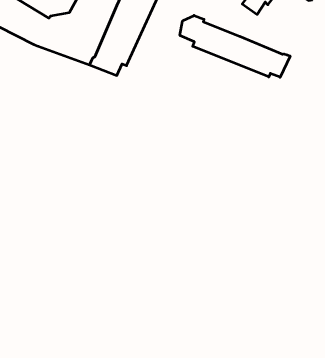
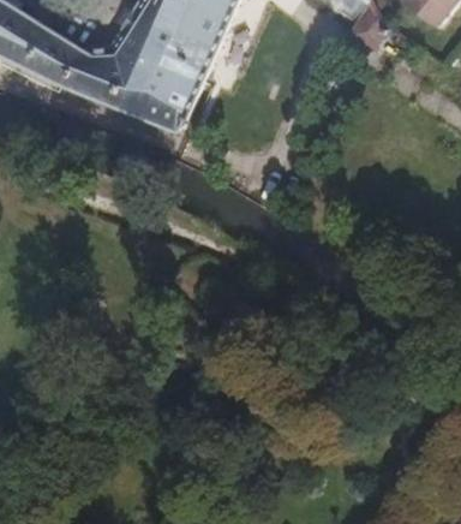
building: [180,15,290,77] -> none

